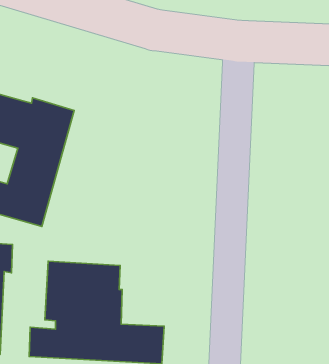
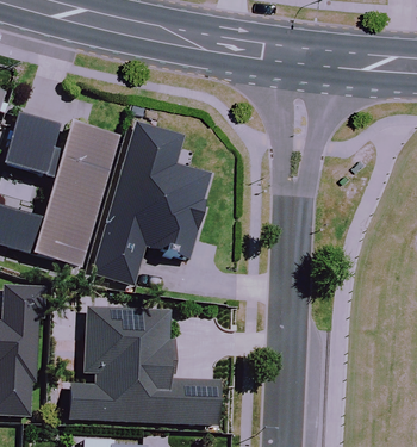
building: none -> [95,124,212,283]

